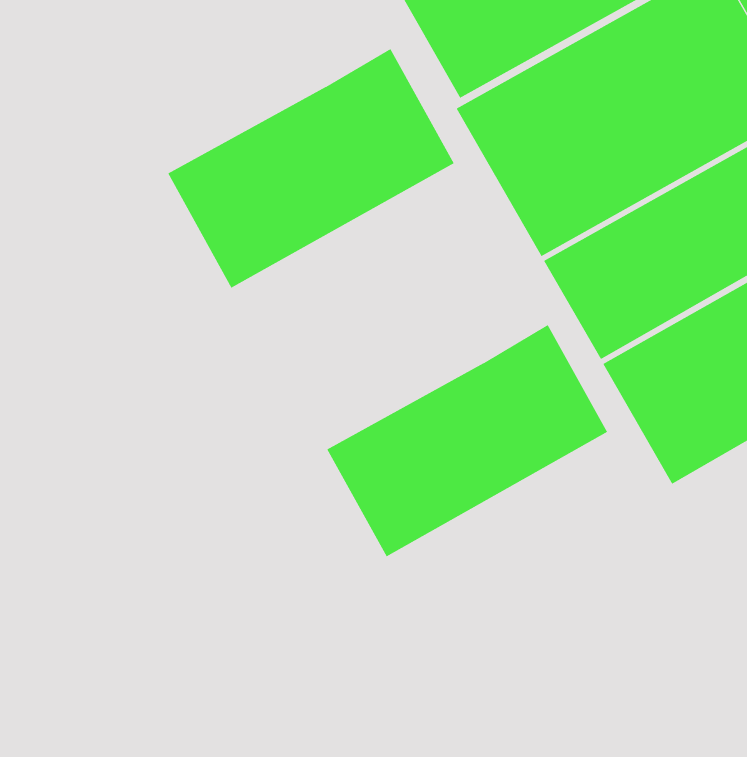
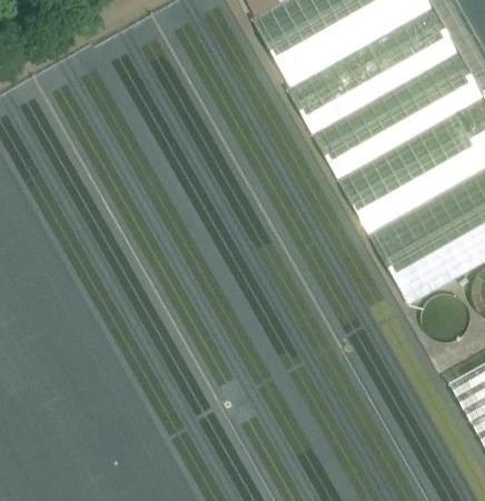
building: [167,48,454,289] -> none
building: [326,324,608,557] -> none

